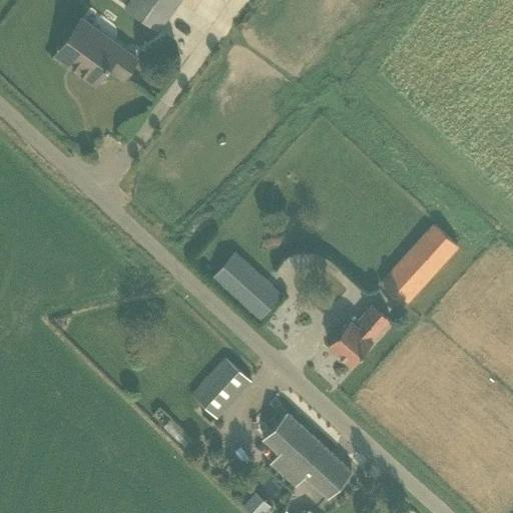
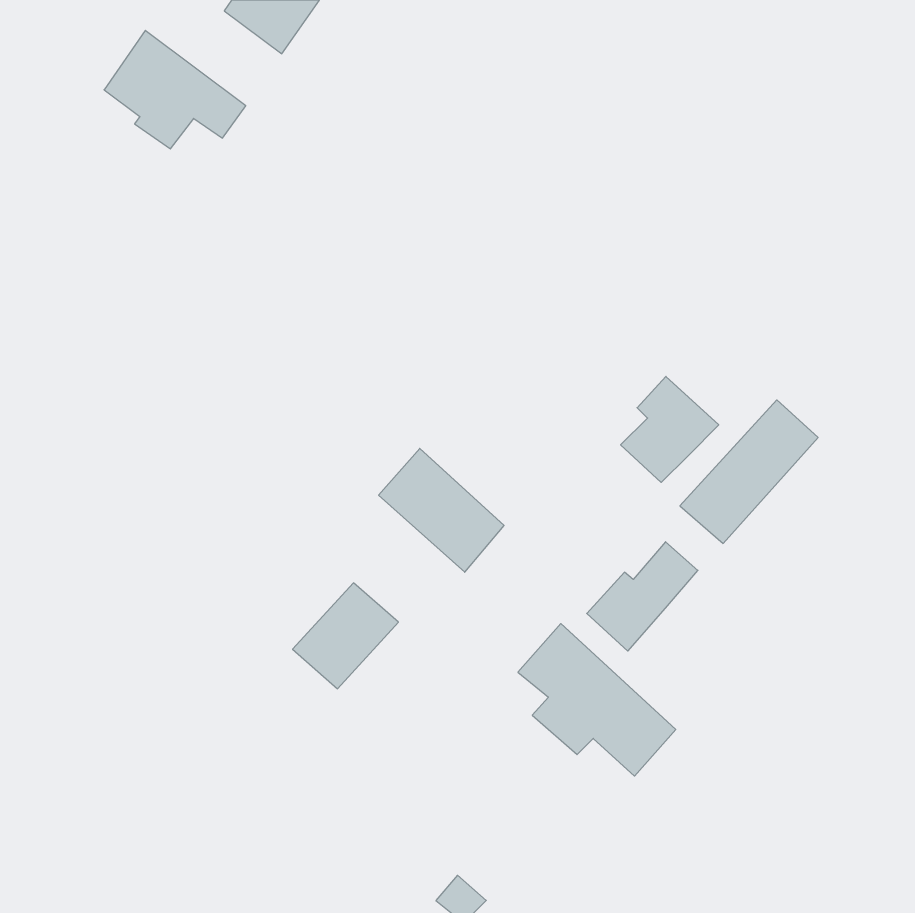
building: none -> [621,376,719,482]
building: [192,360,251,419] -> [293,583,398,689]
building: [264,413,352,498] -> [518,624,676,776]

